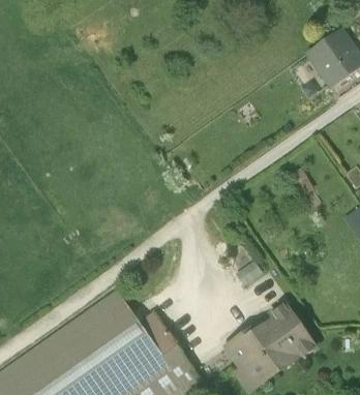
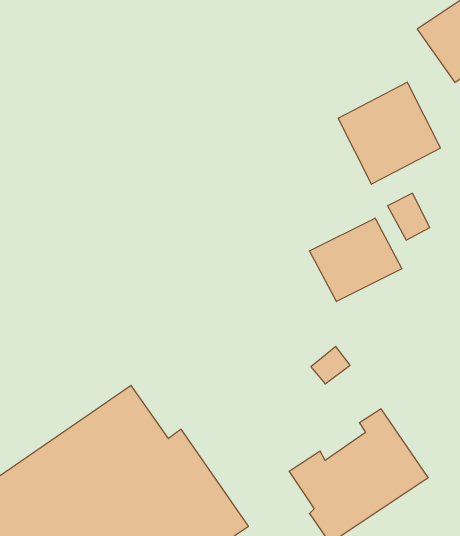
building: none -> [338,82,440,184]
building: none -> [309,218,402,302]

